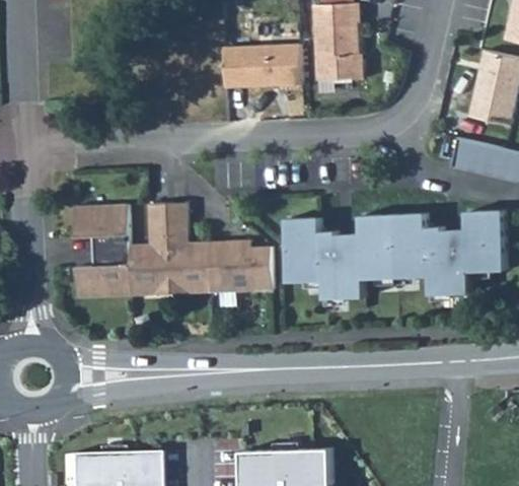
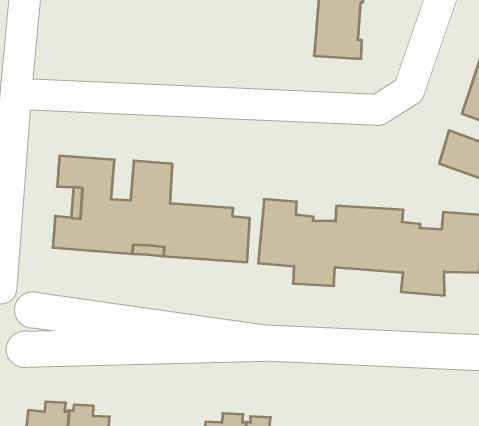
building: [224,42,302,85] -> none

